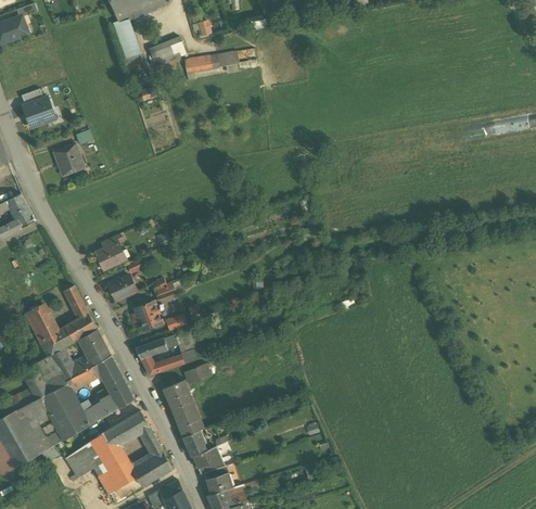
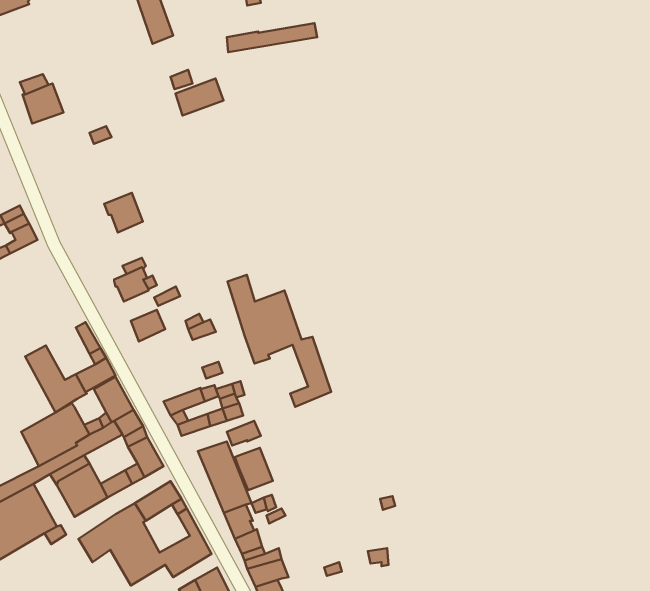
building: [149,37,187,66] -> [176,78,224,115]
building: [53,144,84,176] -> [104,193,143,233]
building: none -> [227,275,331,407]
building: [132,302,162,330] -> none
building: none -> [235,448,273,490]

